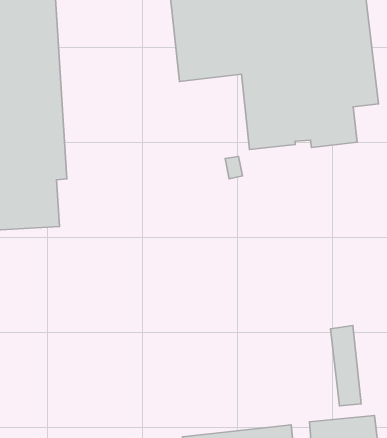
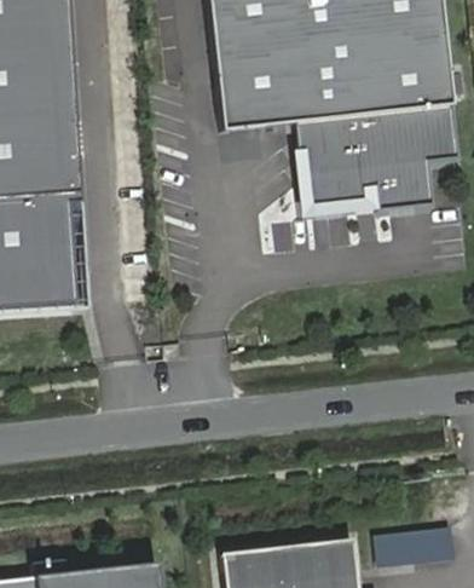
building: [331,326,361,406] -> none

